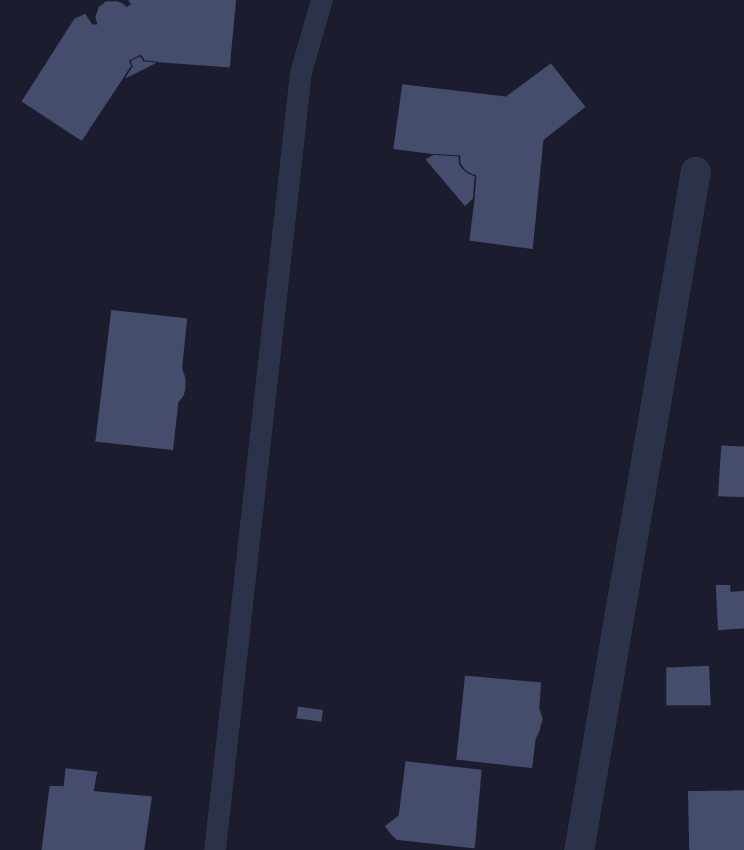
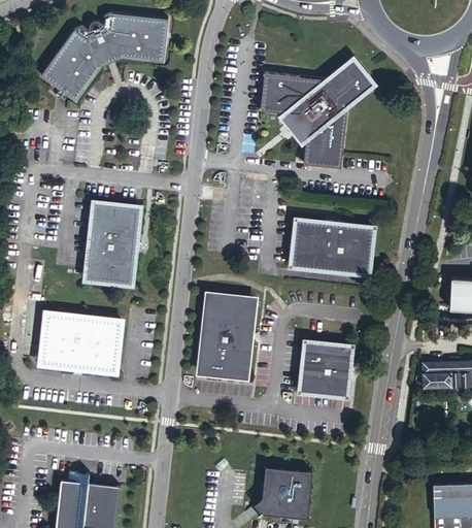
building: none -> [289,218,371,272]
building: none -> [199,293,254,375]
building: none -> [39,312,122,372]
building: [666,665,711,706] -> [422,366,448,390]
building: [455,675,544,769] -> [299,340,350,395]

